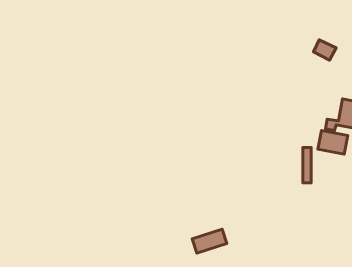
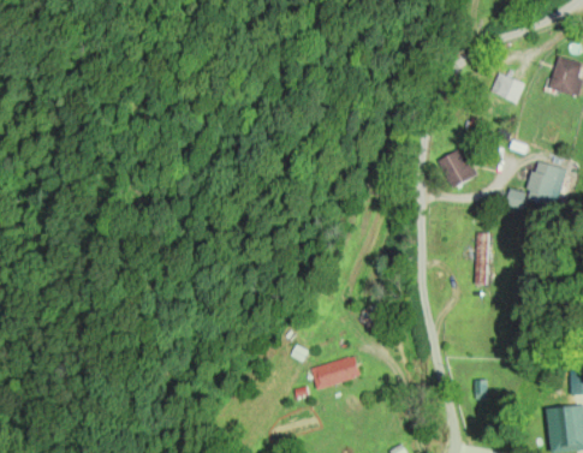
building: none -> [436,148,476,189]
building: [318,131,348,154] -> none

